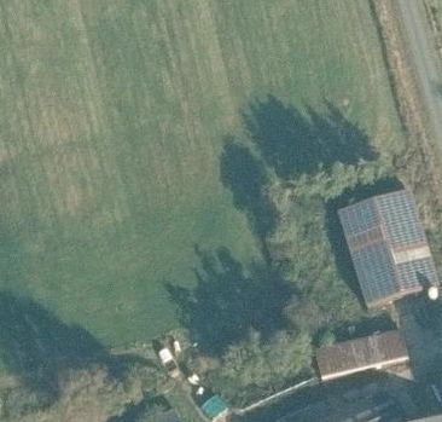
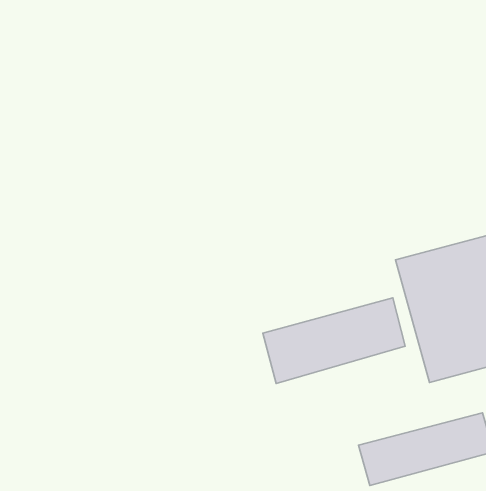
building: none -> [263,298,405,383]

